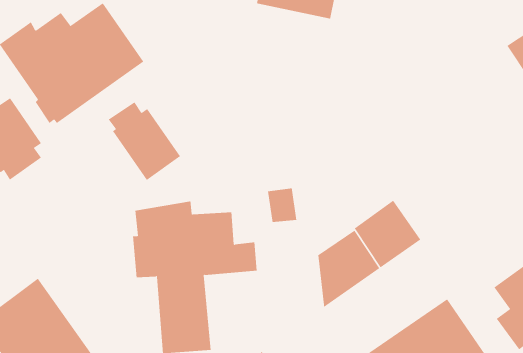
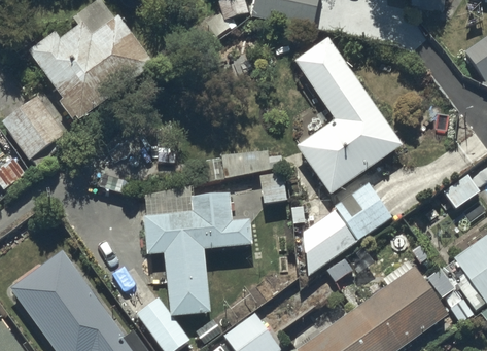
building: none -> [294,39,401,194]
building: [108,101,181,181] -> none

